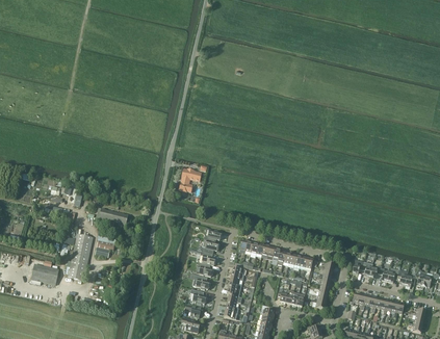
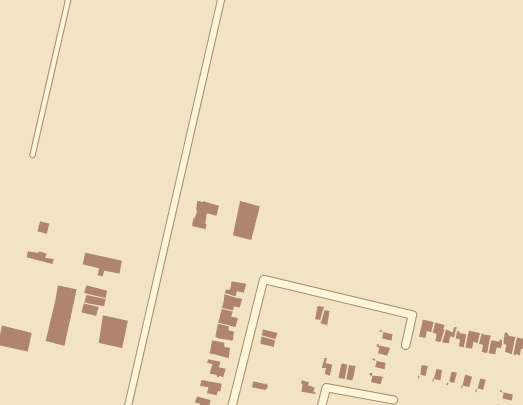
building: none -> [232,200,260,241]
building: none -> [98,314,129,349]

